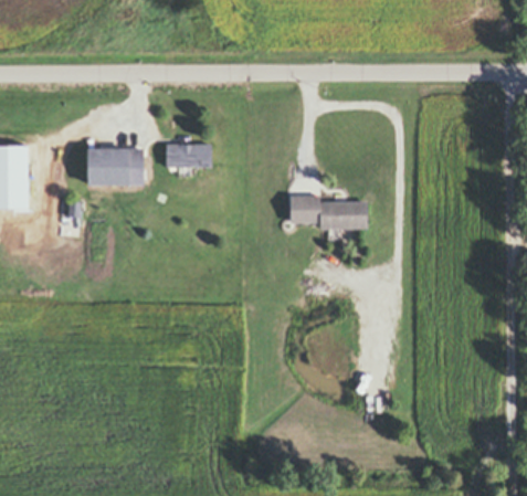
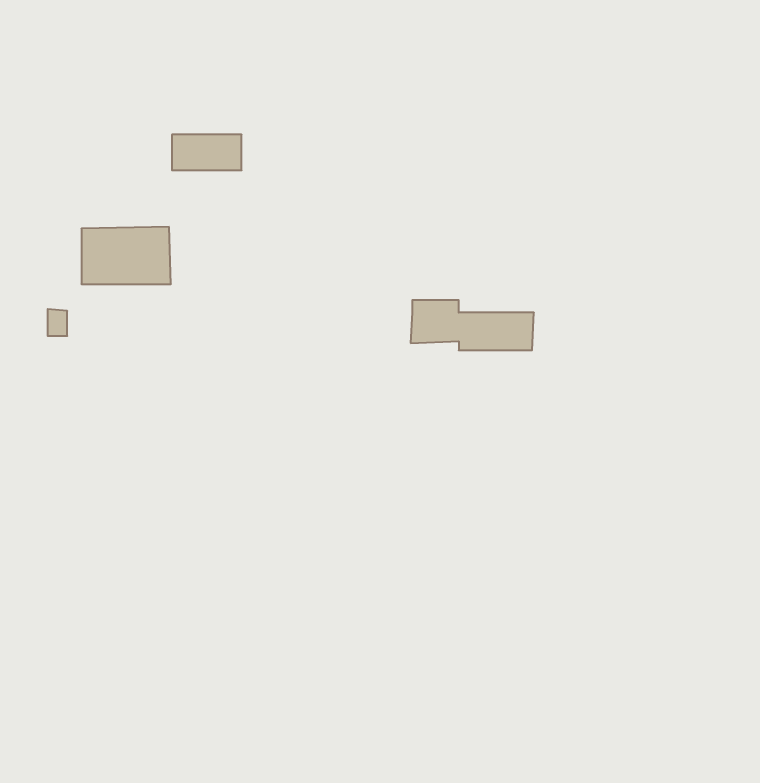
building: [167,145,210,167] -> [172,135,242,170]

